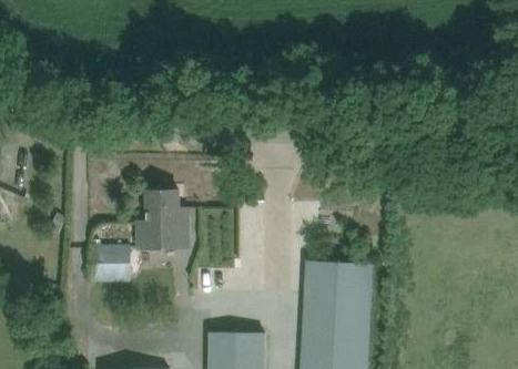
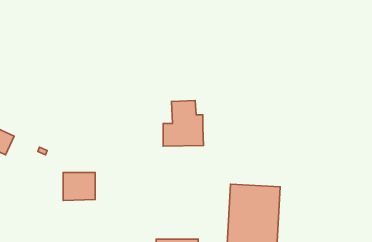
building: [134,191,187,250] -> [163,101,204,146]

